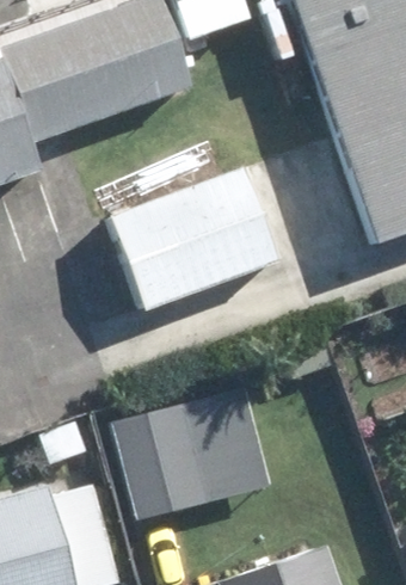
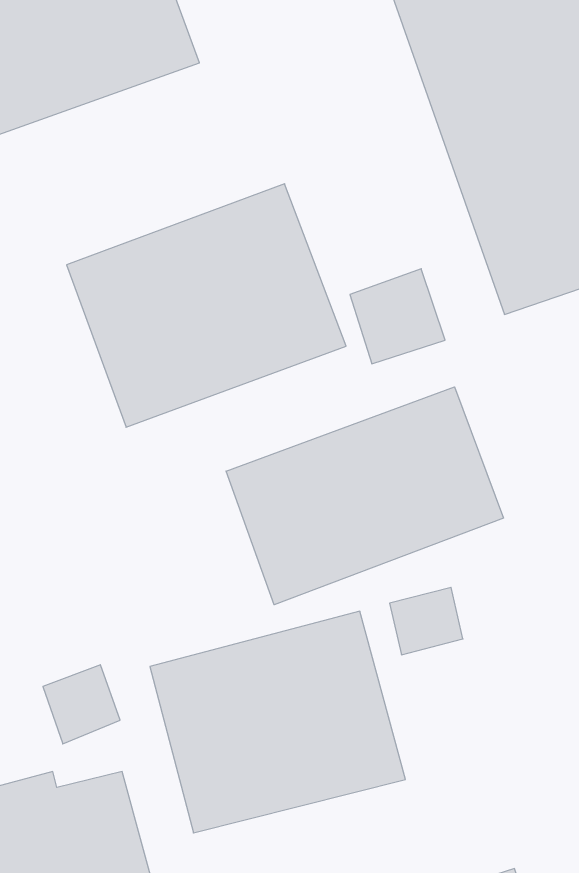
building: none -> [226,387,503,605]

